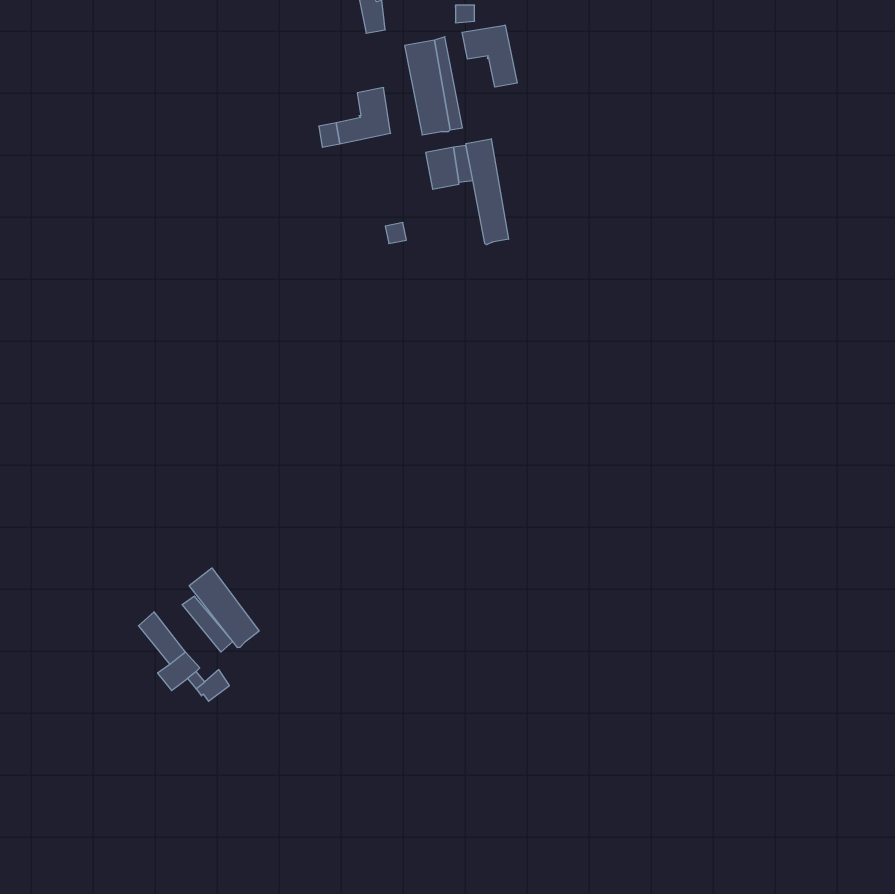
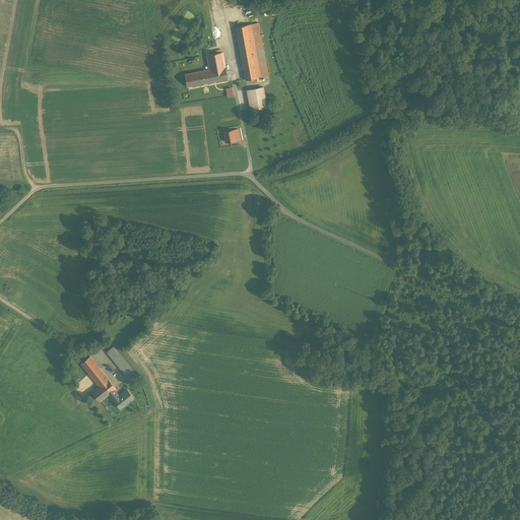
building: [462,25,517,87] -> none
building: [466,139,509,245] -> none
building: [189,568,259,648] -> none

